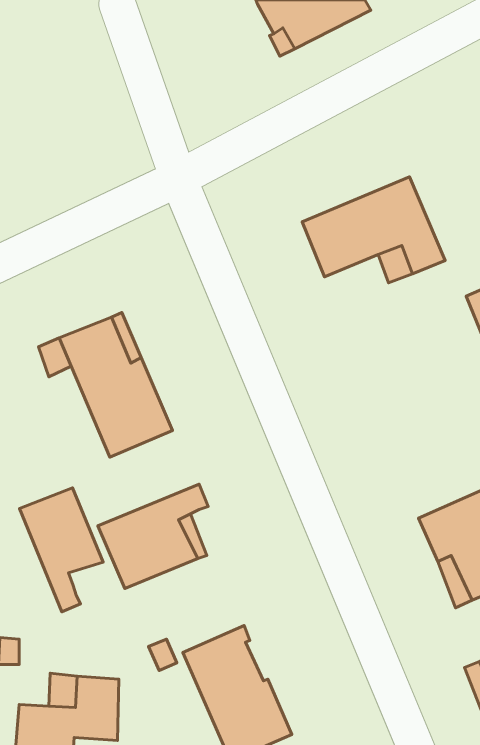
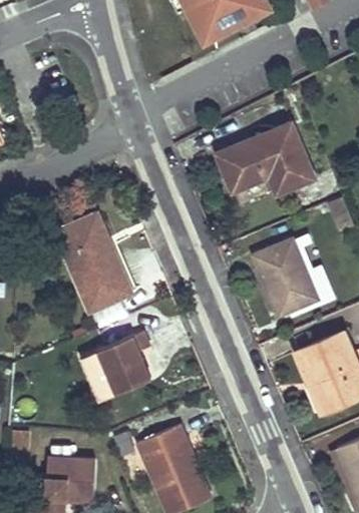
building: none -> [256,239,318,315]
building: [19,488,103,612] -> none

